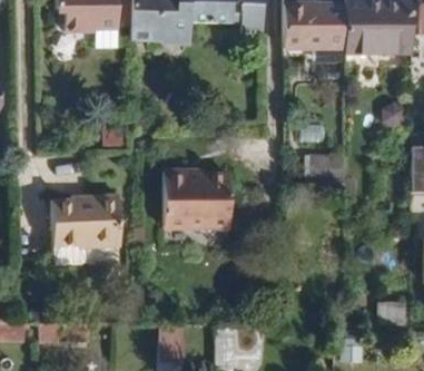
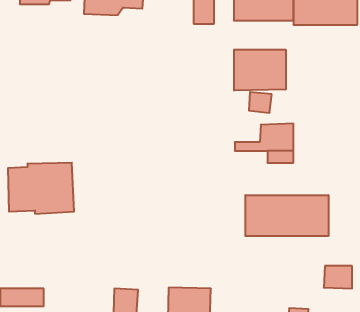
building: none -> [234,50,286,91]
building: [165,169,229,228] -> none
building: none -> [245,195,328,236]

